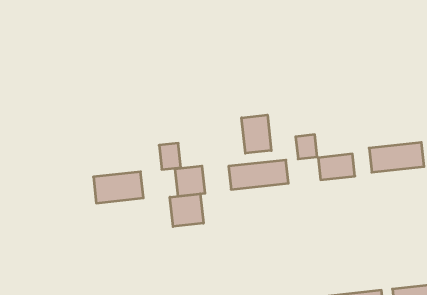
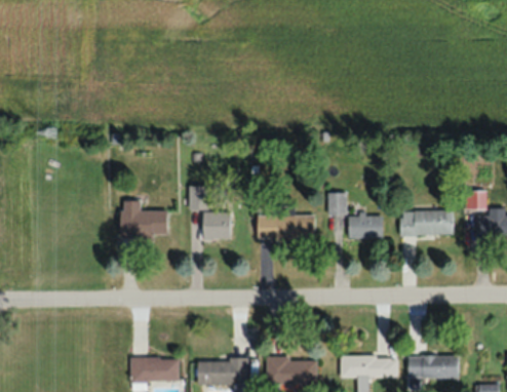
building: [242,115,271,153] -> none
building: [170,194,203,227] -> none

